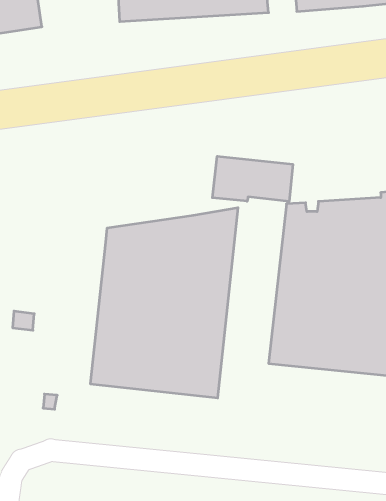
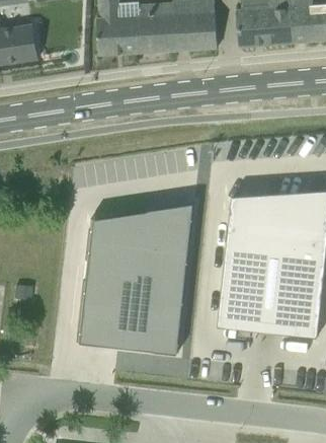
building: [212,156,293,201] -> none

